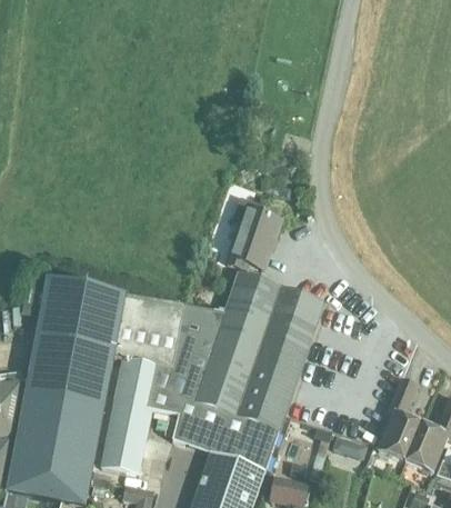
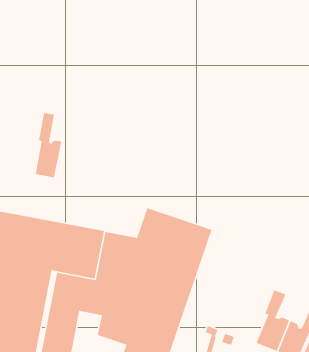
building: none -> [35,112,62,178]
building: [225,195,280,268] -> none

